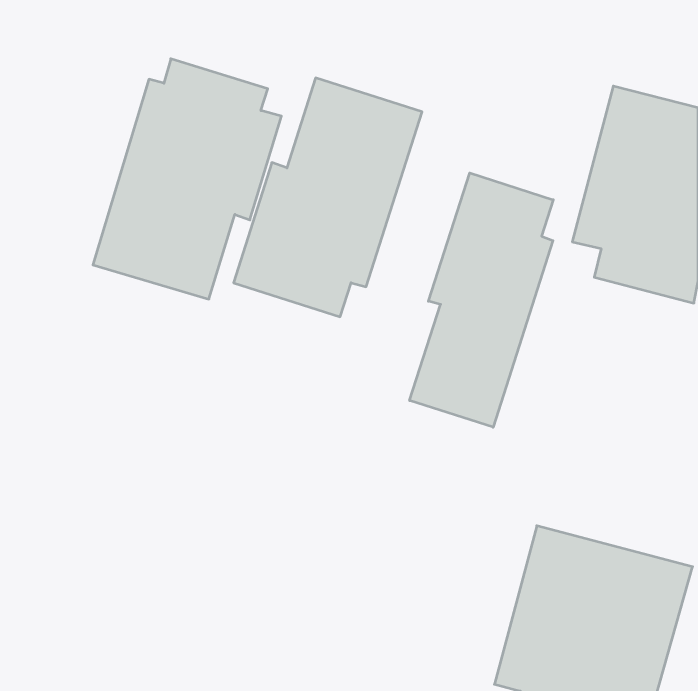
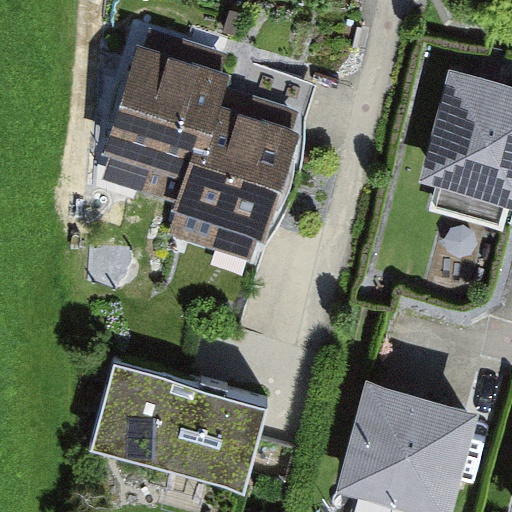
building: [410,173,553,427] -> none
building: none -> [91,367,269,495]

